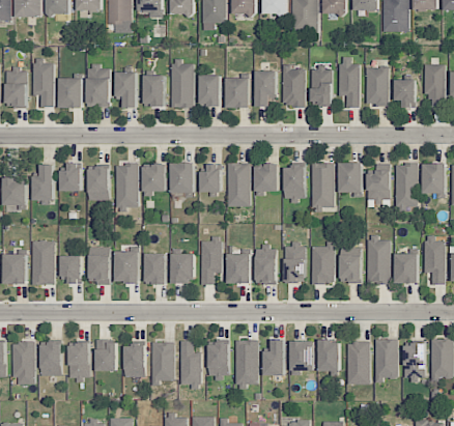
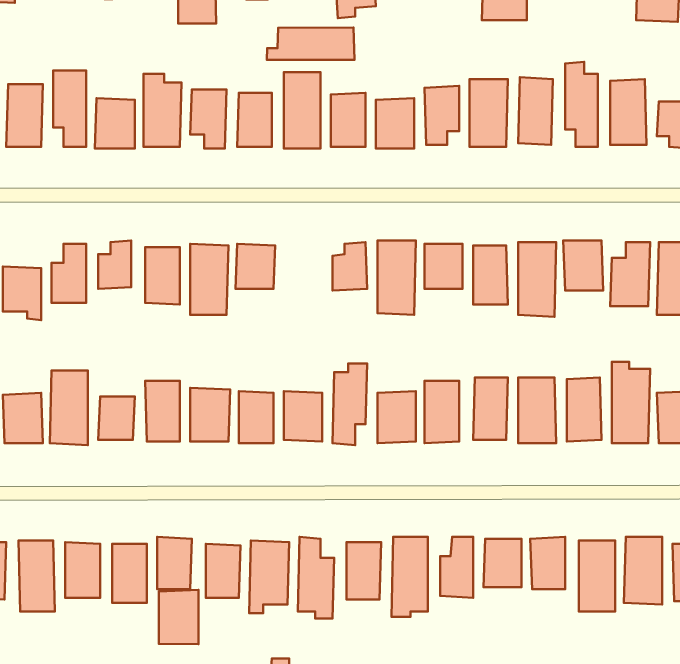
building: none -> [267,28,355,60]
building: [171,163,195,194] -> none
building: none -> [159,590,199,644]

